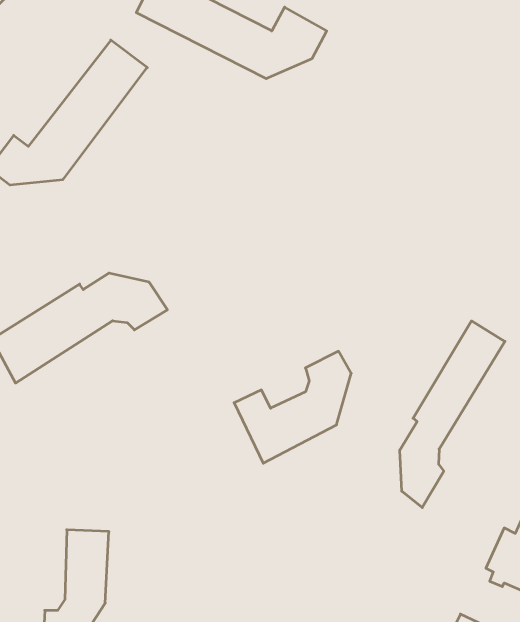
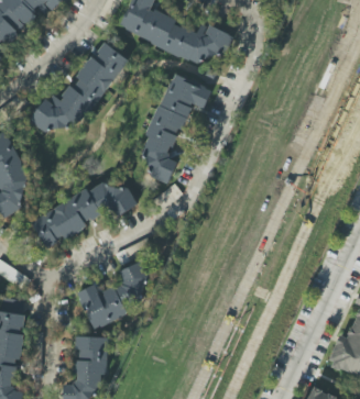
building: none -> [137,71,210,186]
building: [400,321,505,508] -> none
building: [234,351,351,463] -> [77,261,148,328]

